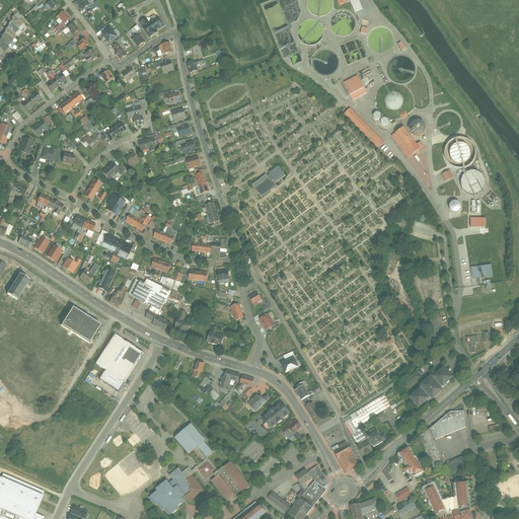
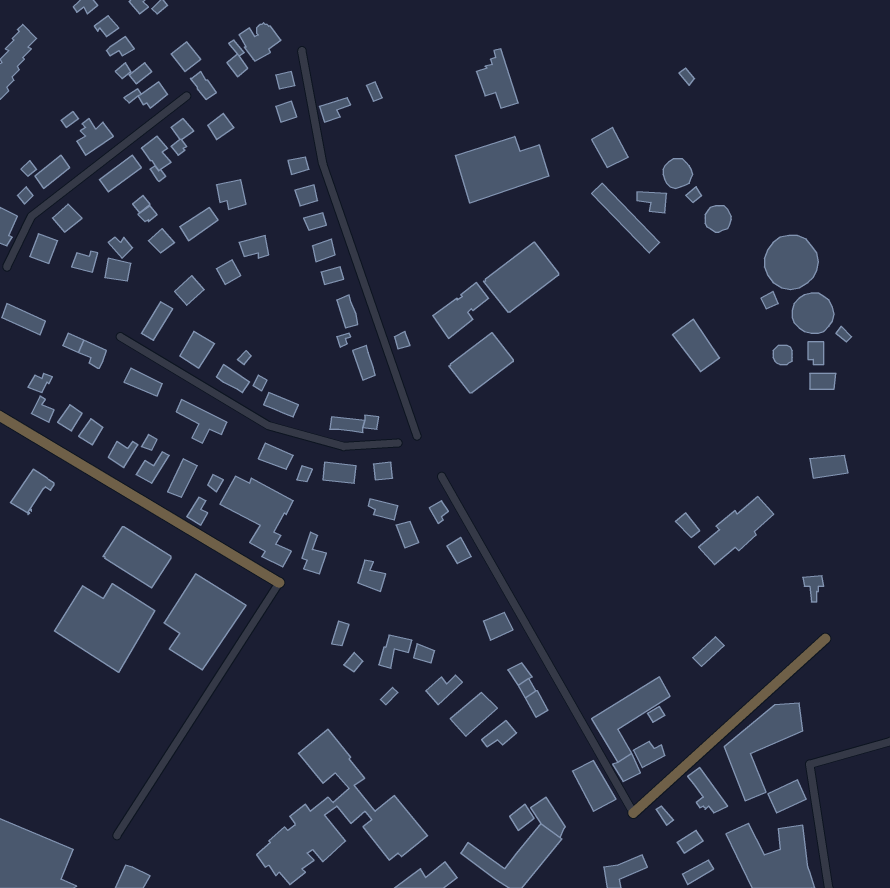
building: none -> [455,136,549,203]
building: [391,126,419,156] -> [672,319,720,372]
building: none -> [484,242,559,312]
building: none -> [449,333,513,393]
building: none -> [54,584,155,672]
building: [410,366,453,405] -> [699,497,774,565]

